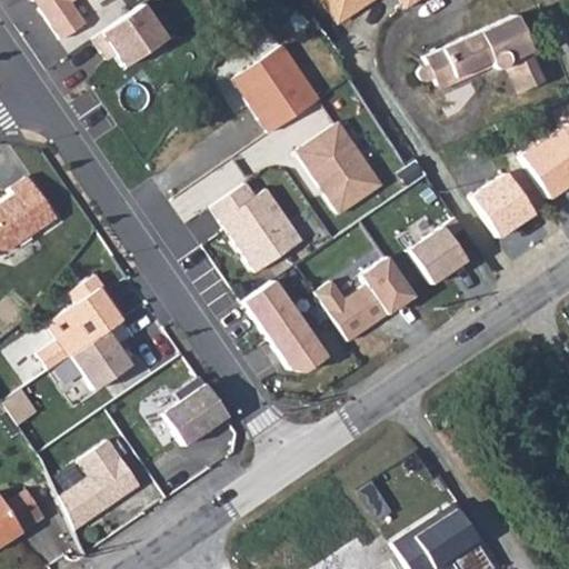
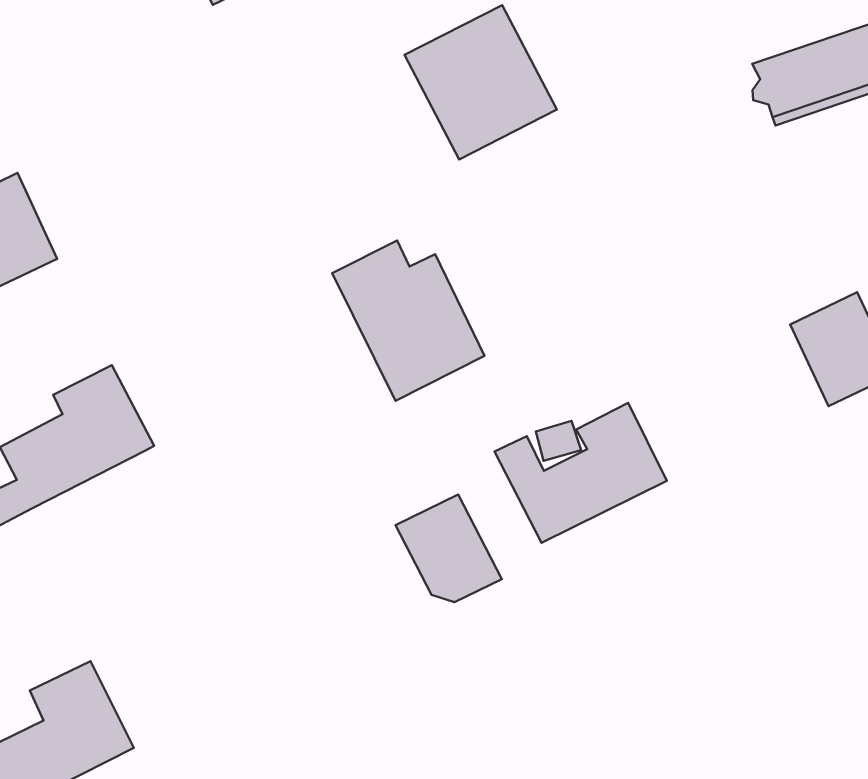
building: [298,121,386,214] -> none
building: [408,212,465,279] -> none
building: [243,284,299,340] -> none
building: [64,319,134,397] -> none
building: [162,376,231,447] -> none

